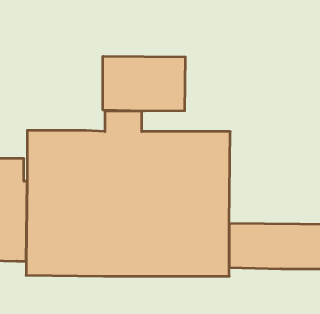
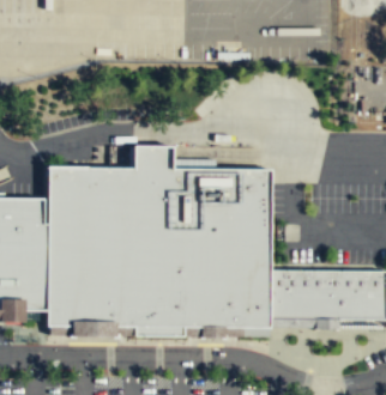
building: [103,56,185,111] -> none

